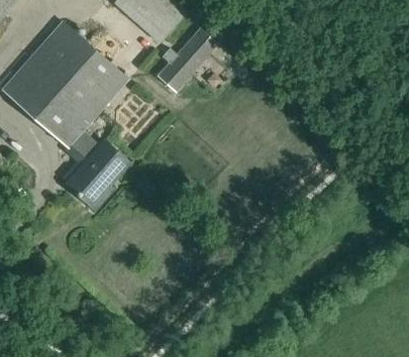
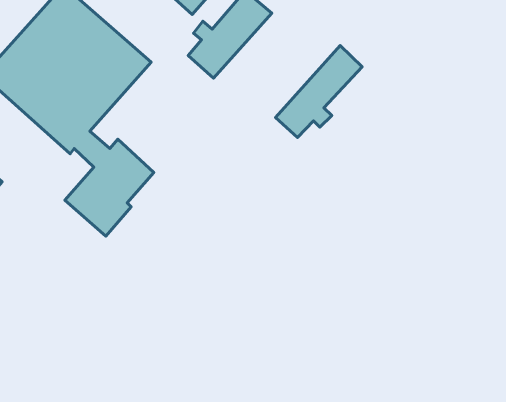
building: none -> [275,45,362,137]

